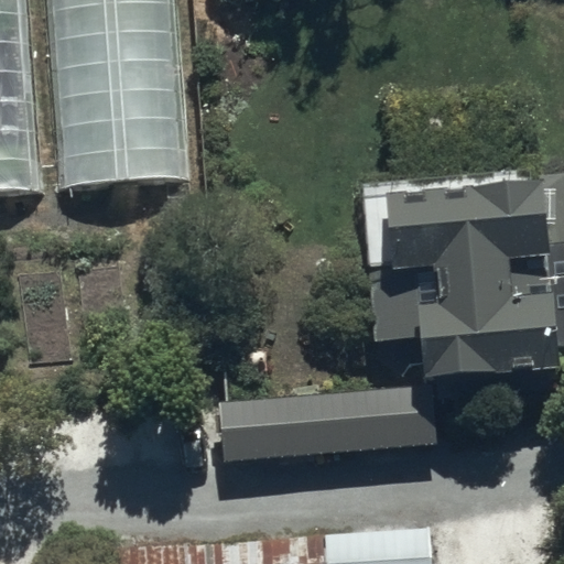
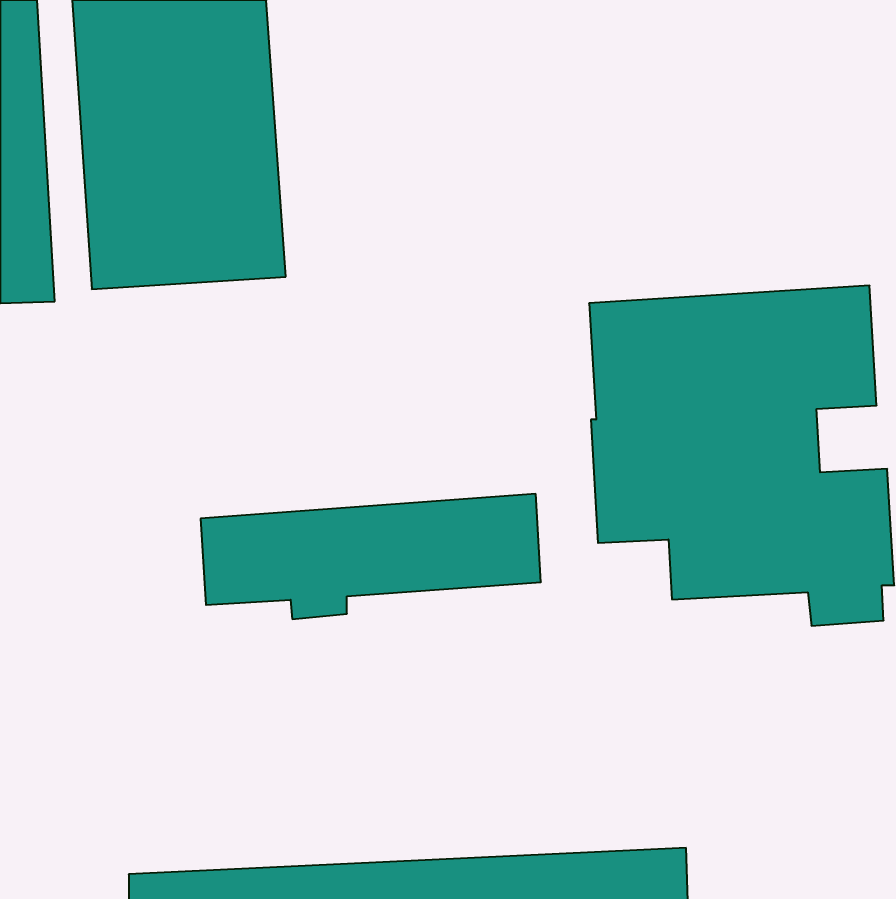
building: [224,389,436,467] -> [201,494,541,619]

